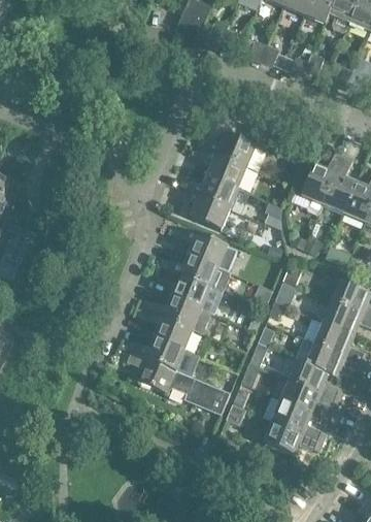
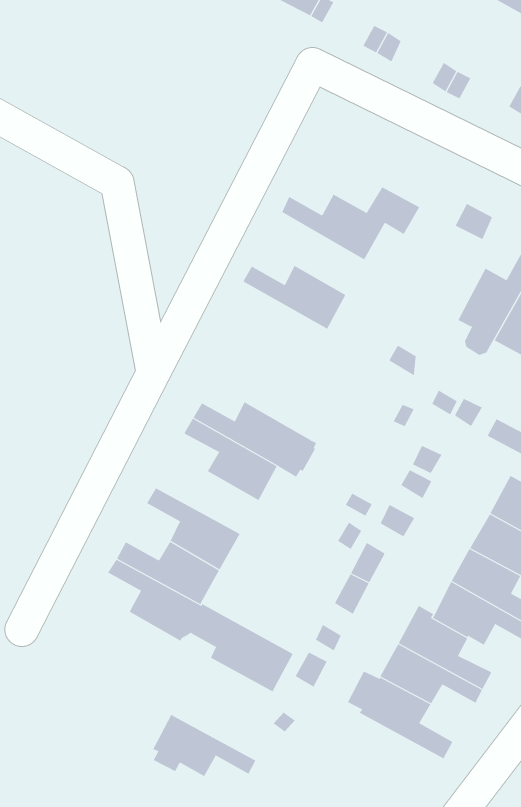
building: [192,145,245,188] -> none
building: [174,187,229,229] -> none
building: [172,224,236,271] -> none
building: [142,295,208,331] -> none
building: [262,421,321,454] -> [152,714,256,777]

